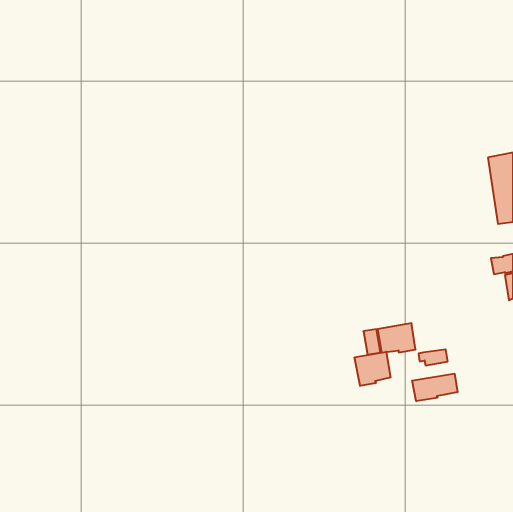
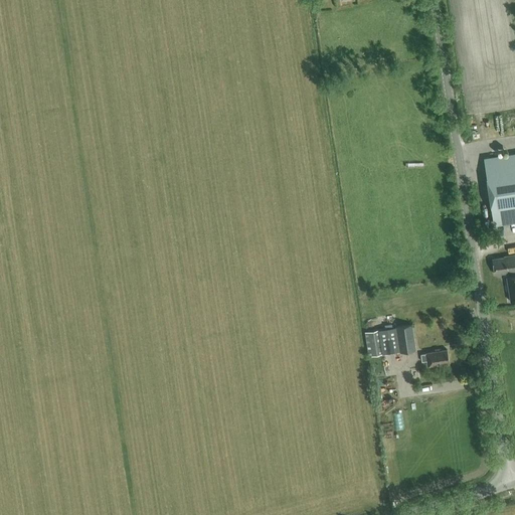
building: [355,352,391,386] -> none
building: [412,374,458,401] -> none

